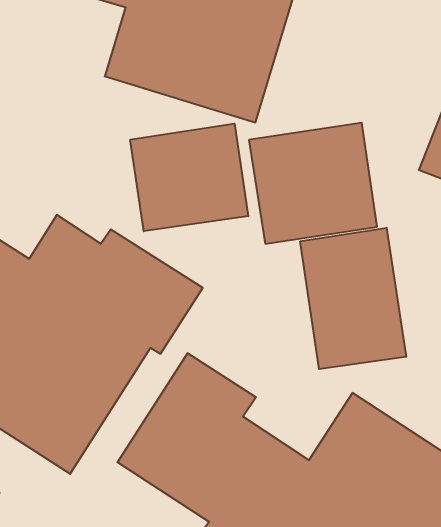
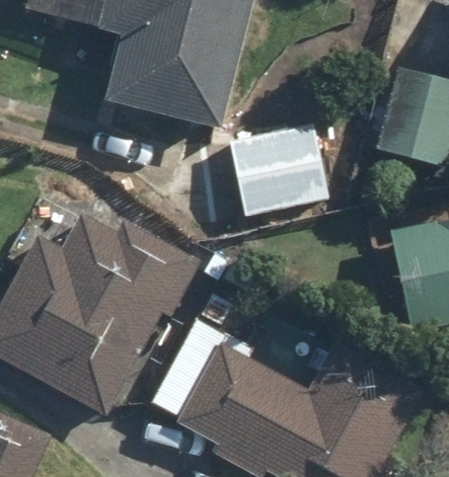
building: [130,124,248,231] -> none
building: [300,228,406,369] -> none

